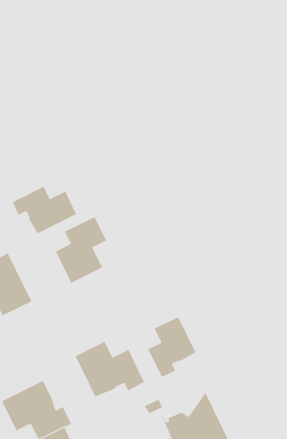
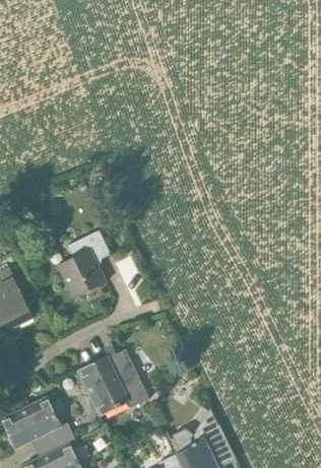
building: [12,186,77,234] -> none
building: [148,317,196,378] -> none

